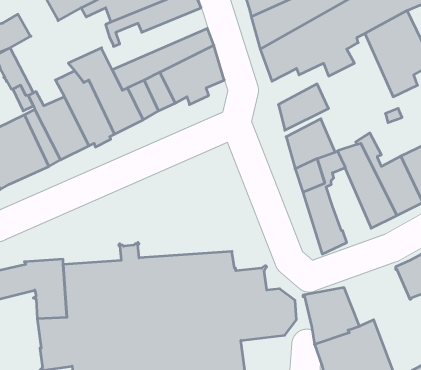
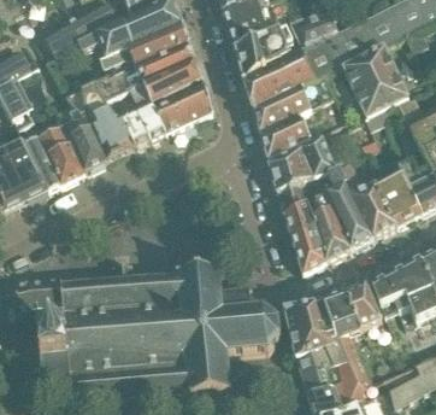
building: none -> [98,42,196,100]
building: none -> [257,94,311,133]
building: none -> [302,136,336,177]
building: none -> [307,192,349,262]
building: none -> [324,288,383,340]

